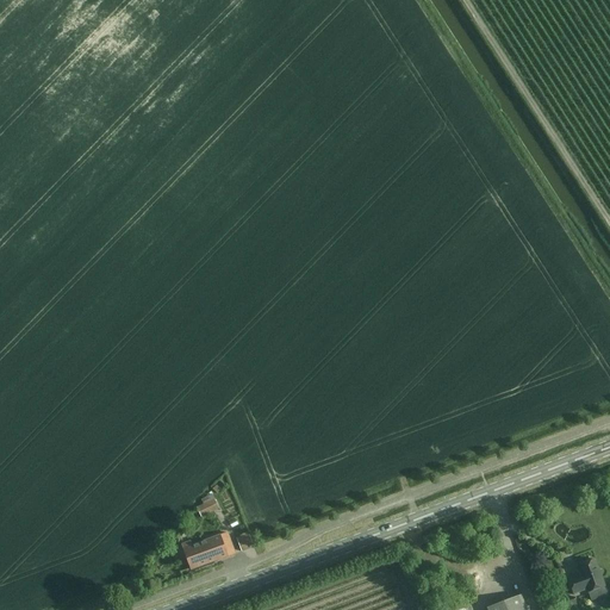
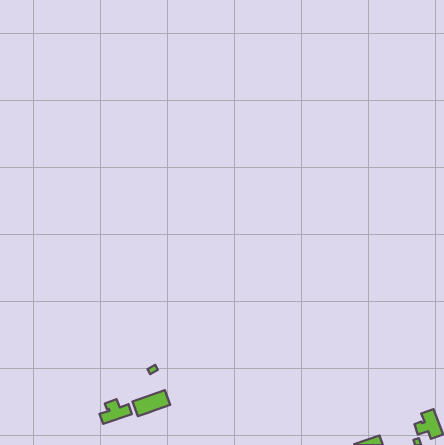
building: none -> [100,399,132,424]

